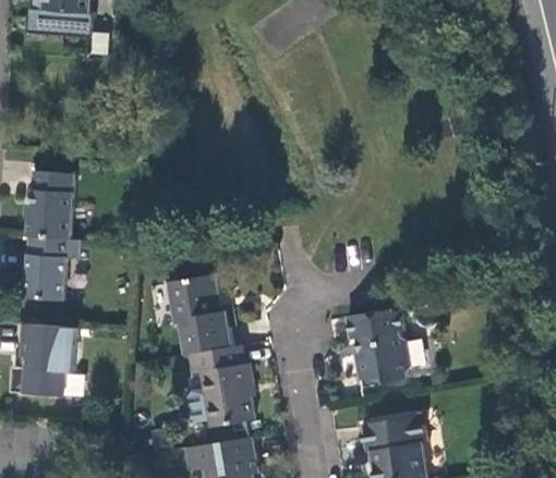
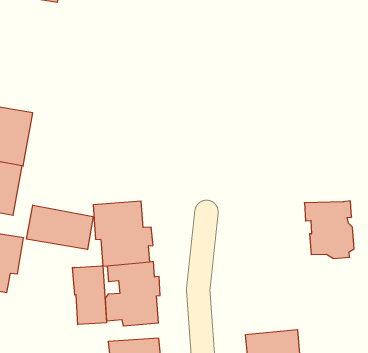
building: none -> [27,205,93,250]
building: [346,307,411,379] -> [304,201,354,258]
building: none -> [73,266,106,325]

